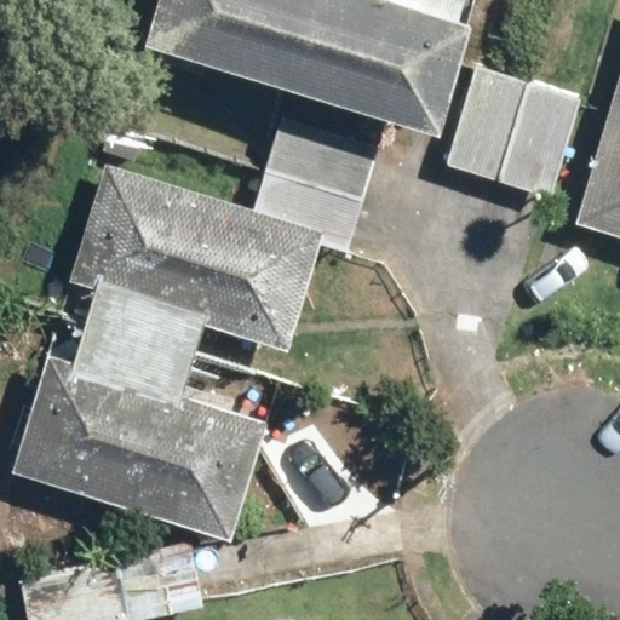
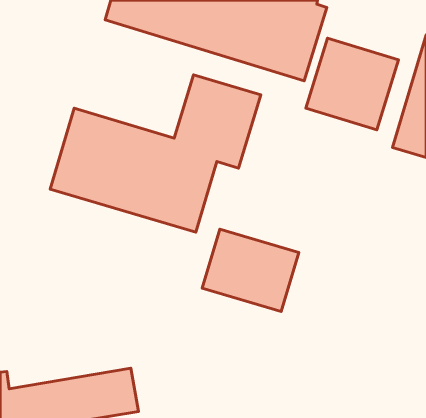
building: none -> [202,229,299,311]
building: [11,350,270,541] -> none

